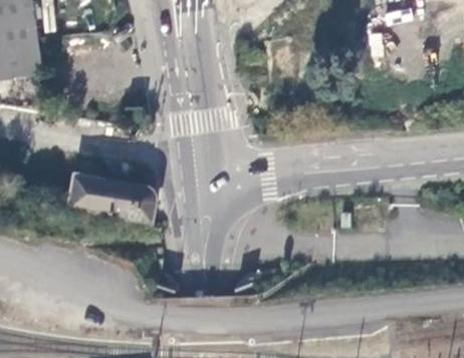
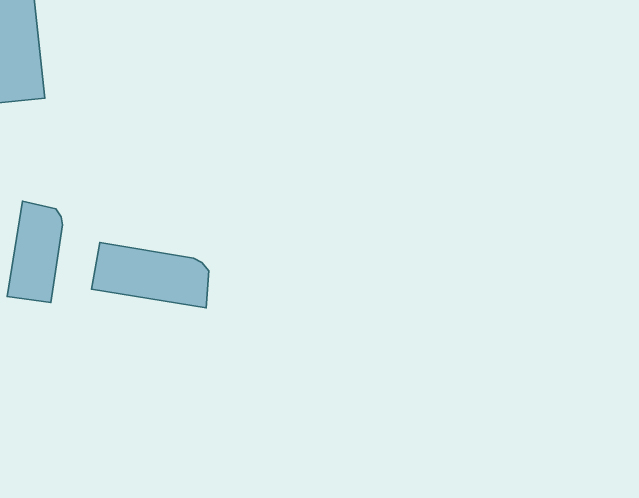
building: none -> [7,201,63,303]

